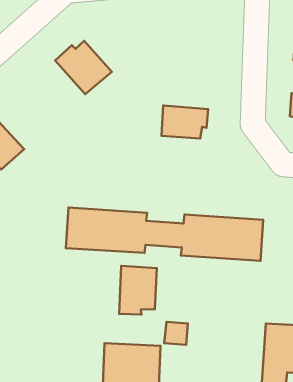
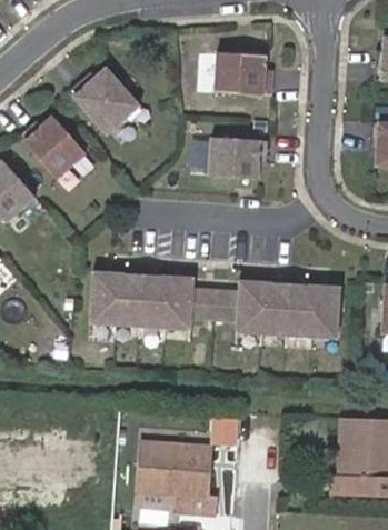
building: none -> [215,58,273,101]
building: none -> [21,114,89,177]
building: [119,266,157,314] -> none

